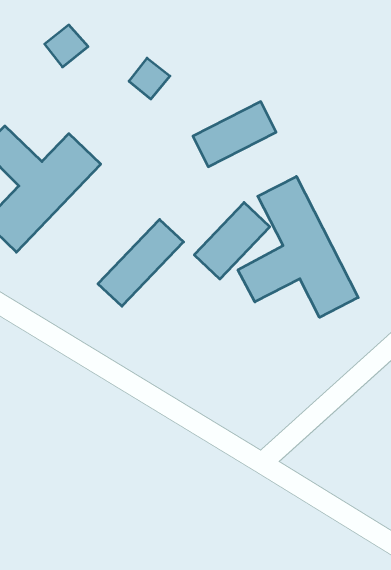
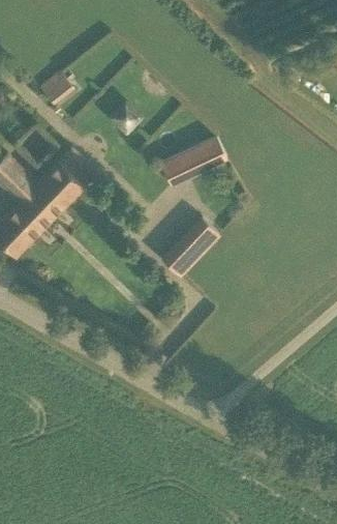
building: [238,176,358,317] -> none
building: [98,219,184,306] -> none

